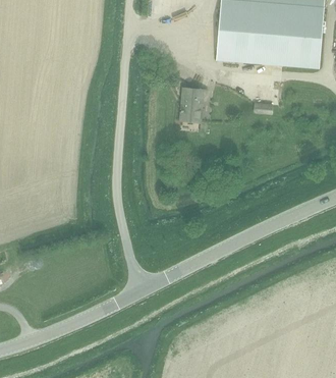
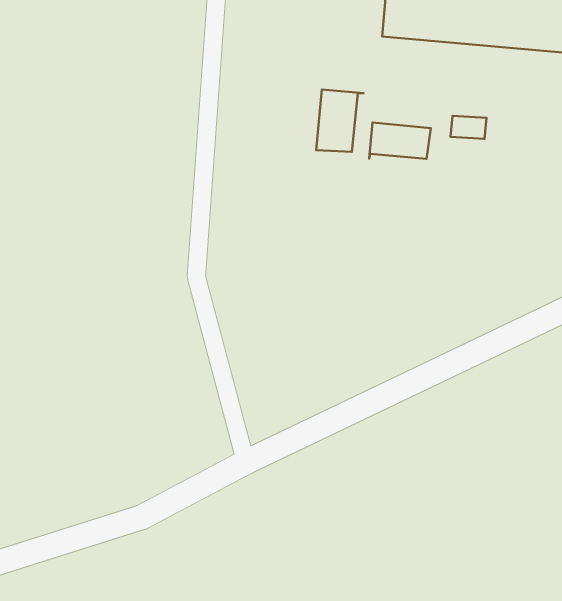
building: none -> [369,123,431,159]

